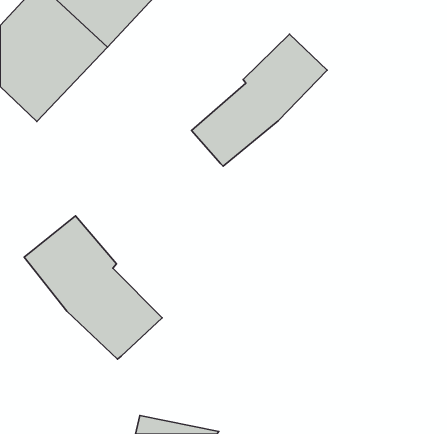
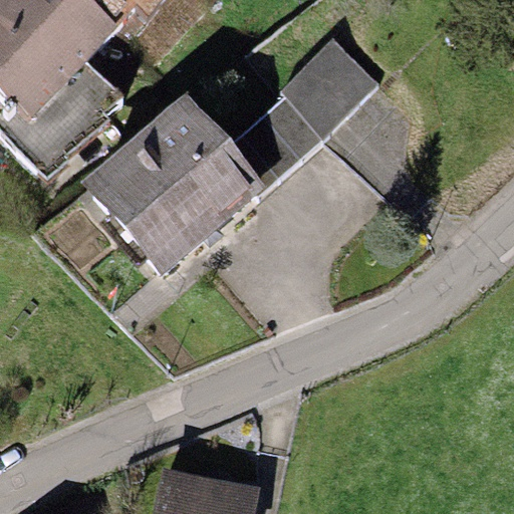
building: none -> [92,109,253,267]
building: [24,216,162,359] -> none

